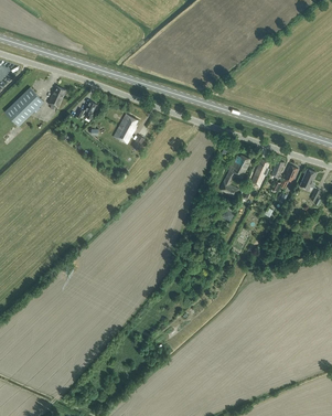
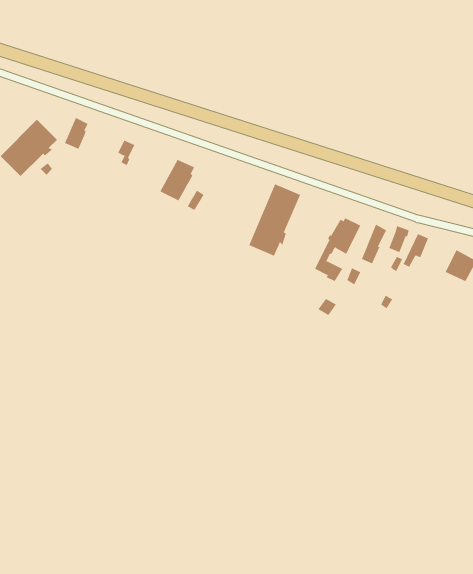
building: none -> [248,183,301,257]

